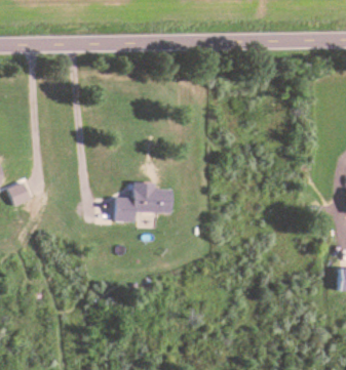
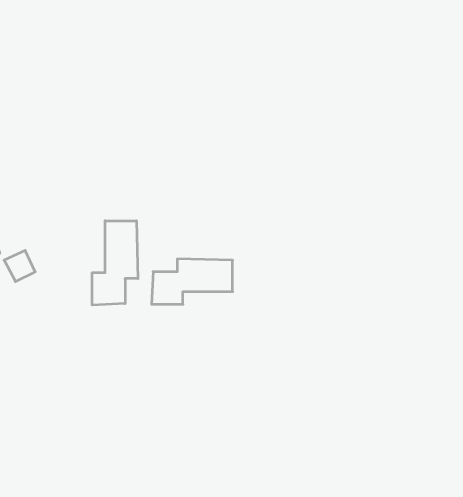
building: none -> [92,221,138,305]

